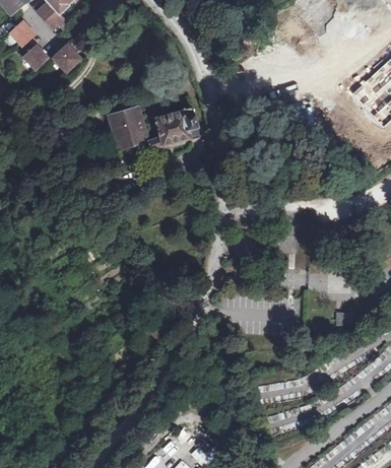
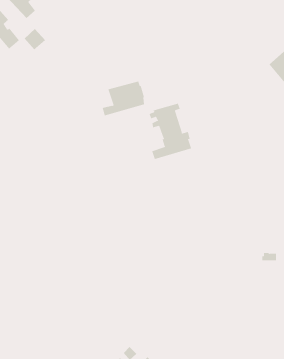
building: [111,109,148,146] -> none
building: none -> [149,103,192,160]

